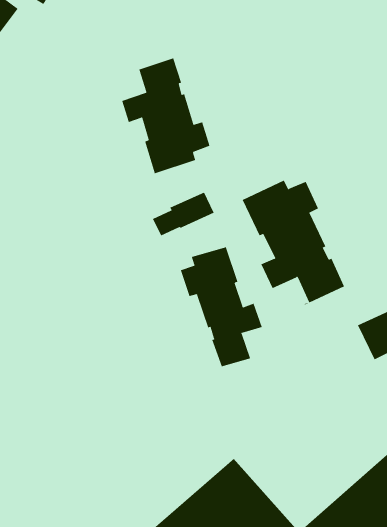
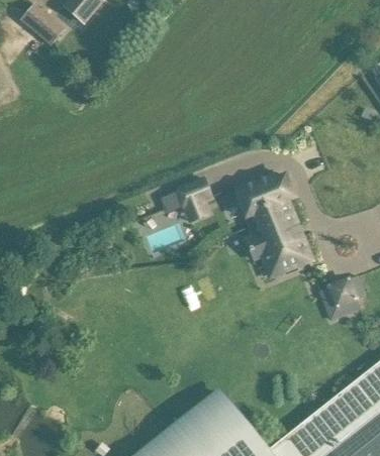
building: [122,58,210,174] -> none
building: [180,246,262,367] -> none

